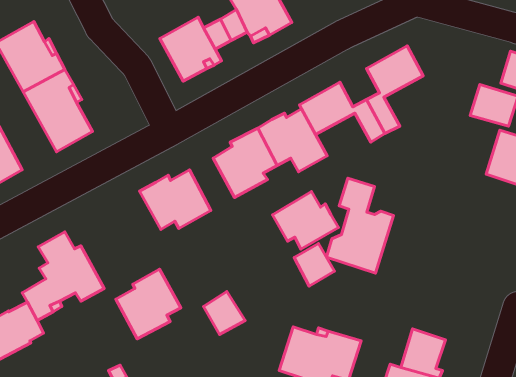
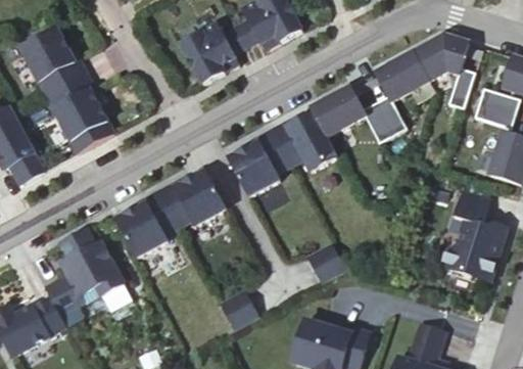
building: none -> [414,35,475,108]
building: [326,178,394,273] -> [442,191,507,282]
building: [273,191,339,249] -> none
building: [116,269,181,339] -> [115,190,178,257]

